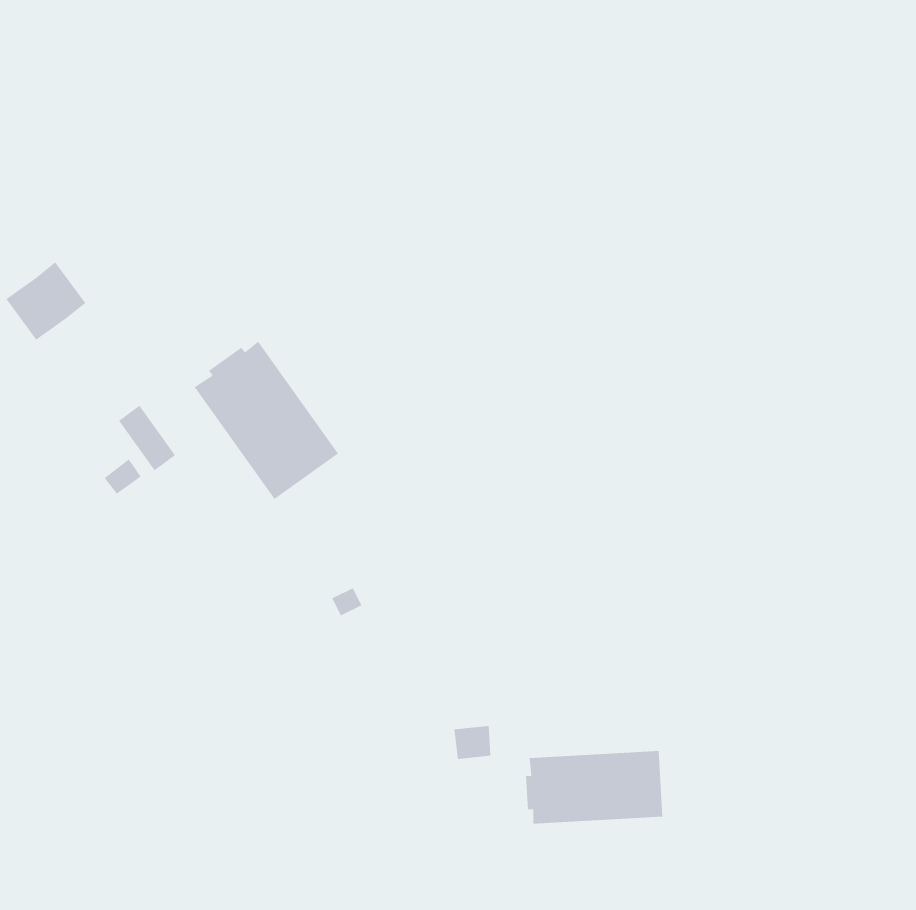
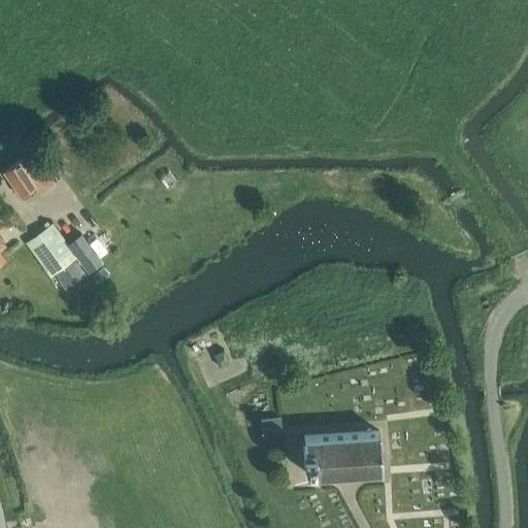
building: [194,341,339,500] -> none
building: none -> [29,227,75,276]

